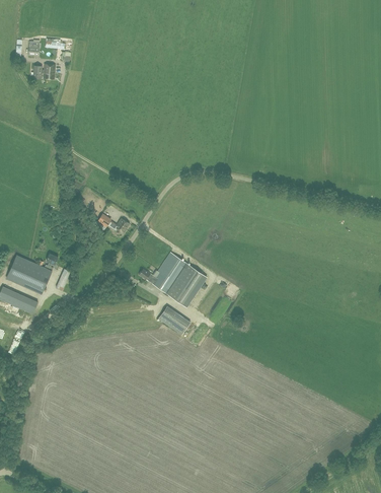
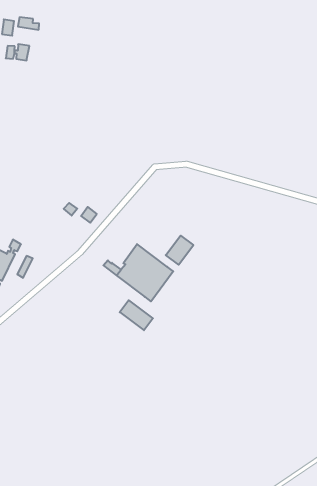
building: none -> [166,236,193,265]

